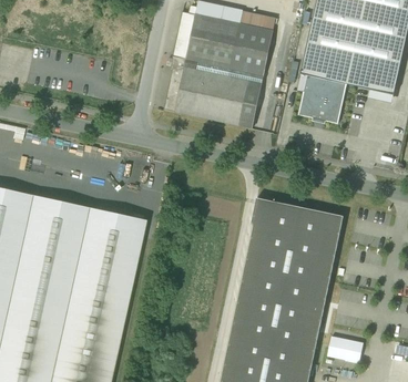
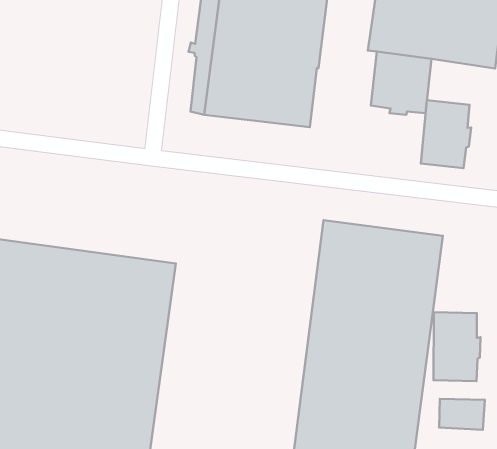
building: none -> [421,100,471,168]
building: none -> [434,312,481,381]

